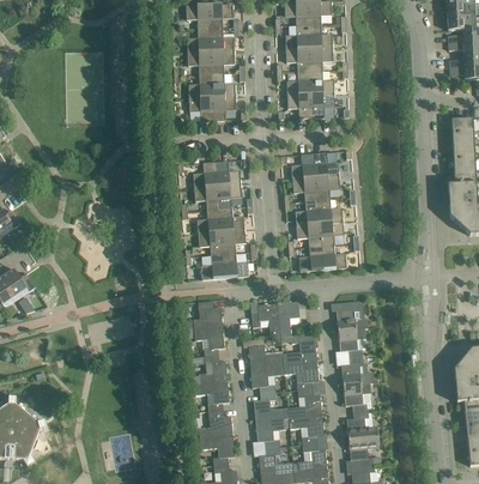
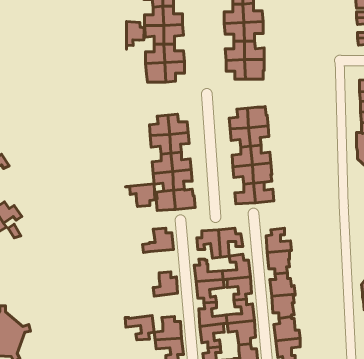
building: none -> [126,22,144,49]
building: none -> [126,184,155,207]
building: [186,326,224,355] -> none
building: [194,380,230,410] -> [125,316,154,340]

